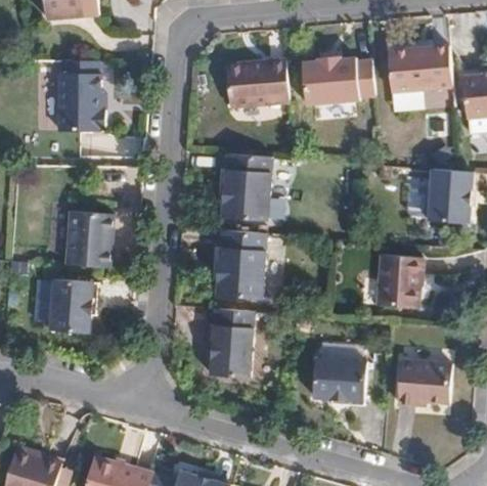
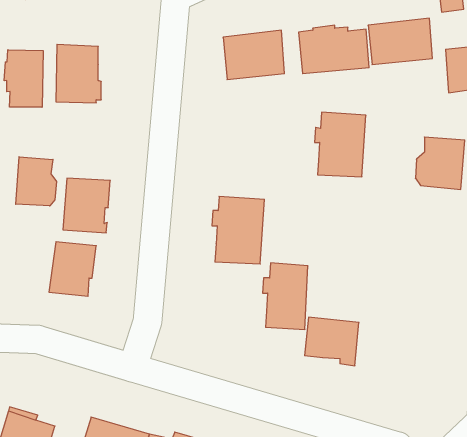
building: none -> [4,50,43,107]
building: [221,154,273,220] -> [315,112,366,177]
building: none -> [16,157,57,206]
building: [373,252,420,305] -> none
building: [210,307,256,374] -> [263,263,308,329]
building: [396,355,451,399] -> none

